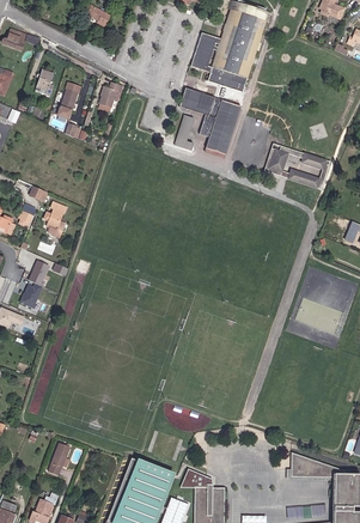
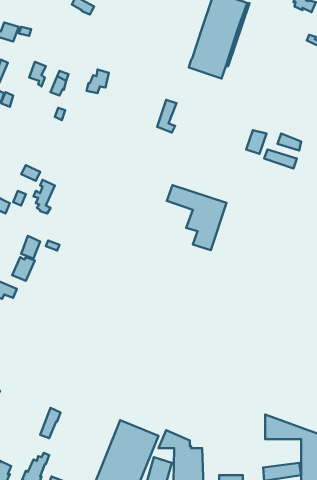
building: [193,31,222,71] -> none
building: [178,89,242,158] -> [167,185,227,250]

